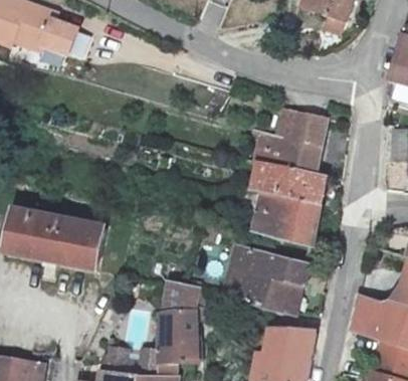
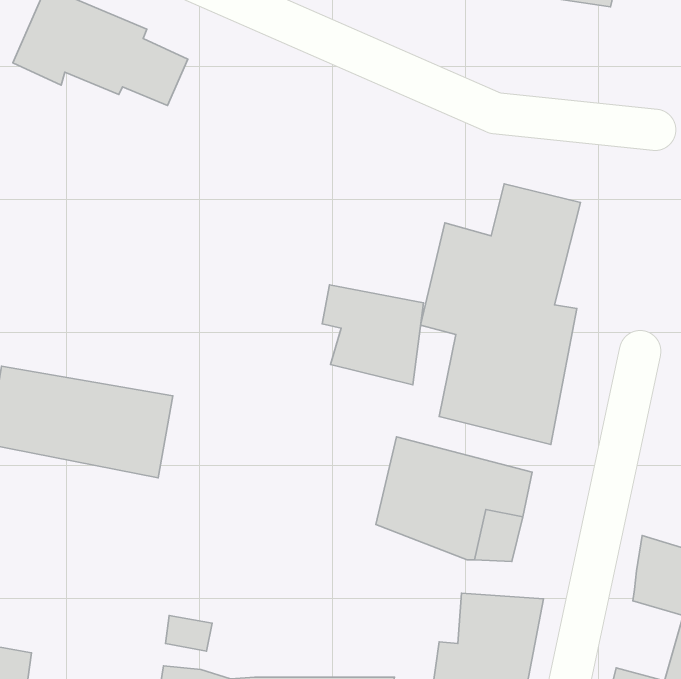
building: none -> [322,285,423,385]
building: [155,280,196,365] -> none

